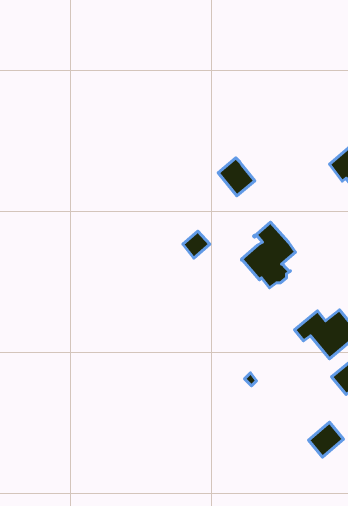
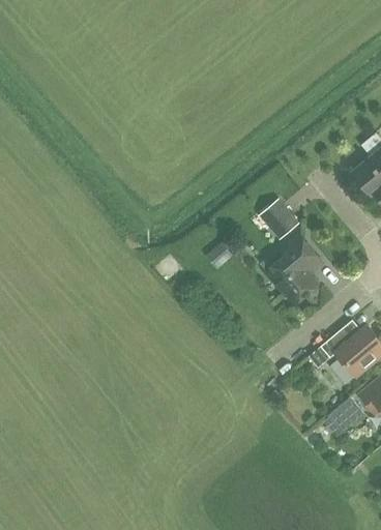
building: [218,158,255,196] -> [259,200,297,239]
building: [309,422,344,457] -> [326,396,362,433]

